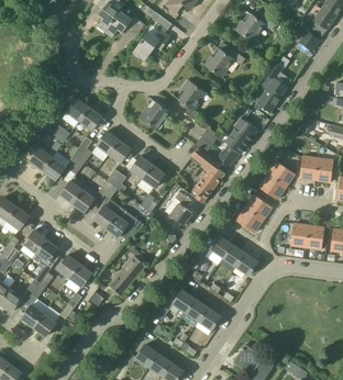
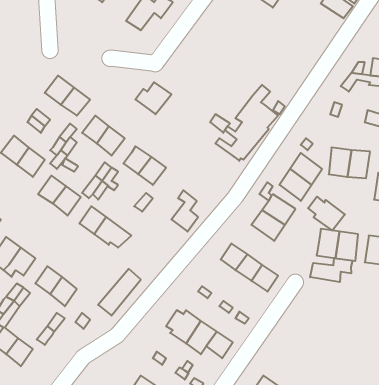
building: [206,48,245,76] -> none
building: [250,60,286,111] -> none
building: [179,80,206,121] -> none
building: [191,146,225,203] -> none
building: none -> [308,197,345,231]
building: none -> [310,258,353,282]

